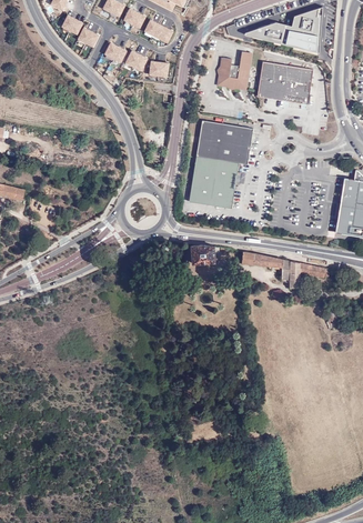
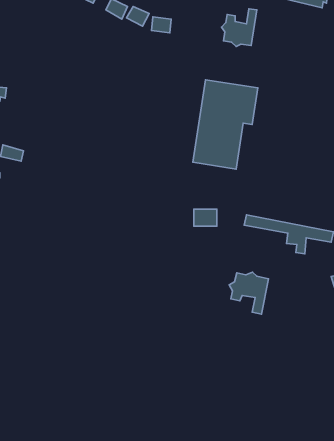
building: [256,61,313,103] -> none
building: none -> [229,272,268,314]

